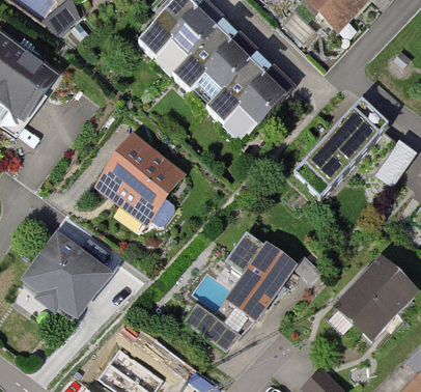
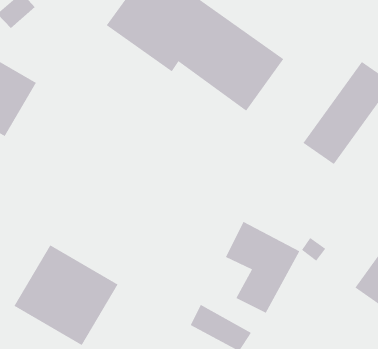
building: [100,137,192,227] -> none

